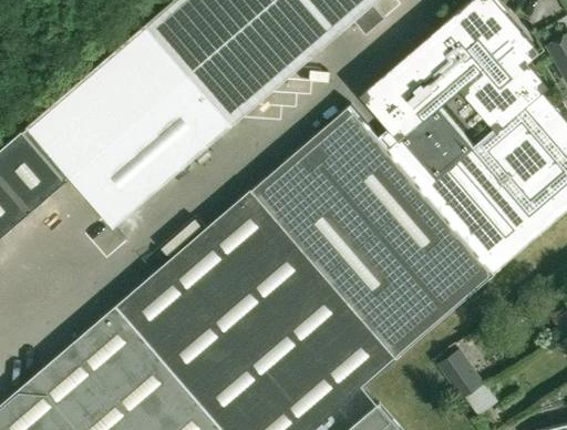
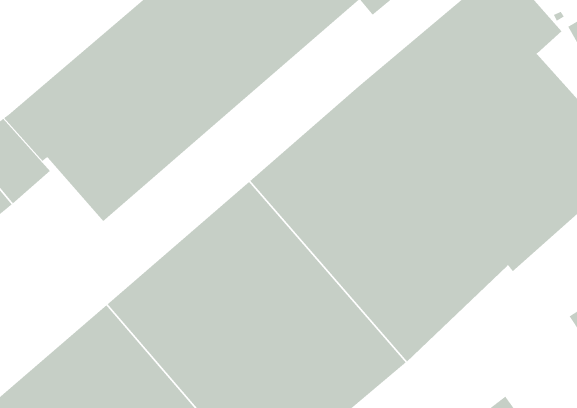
building: [439,349,483,398] -> none

